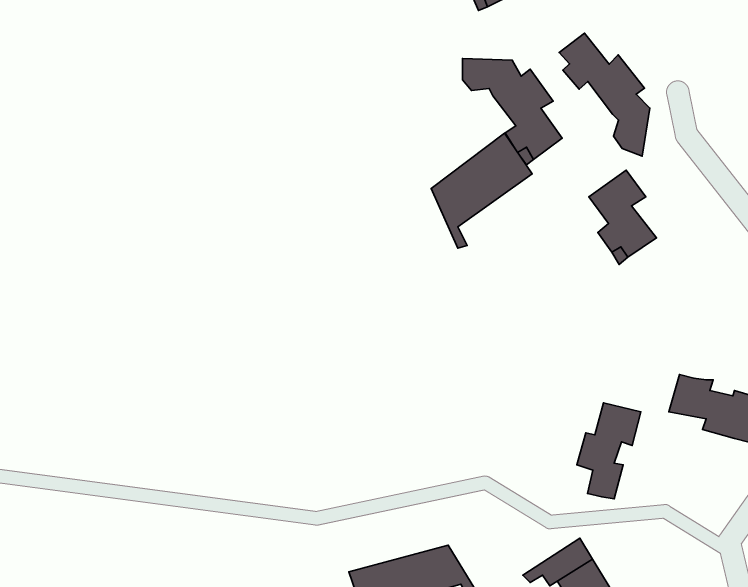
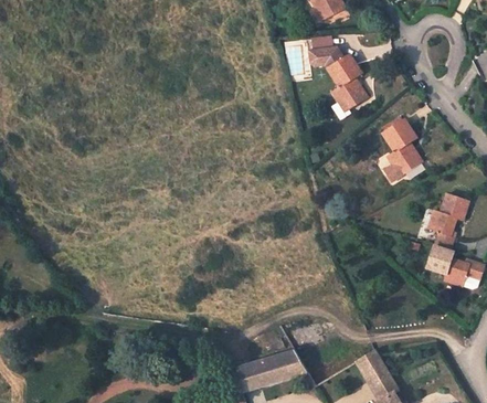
building: [559,33,650,156] -> none
building: [431,133,532,248] -> none
building: [577,403,641,499] -> [432,188,472,247]

